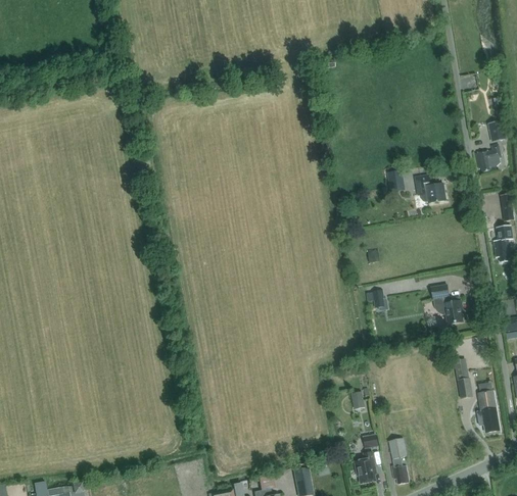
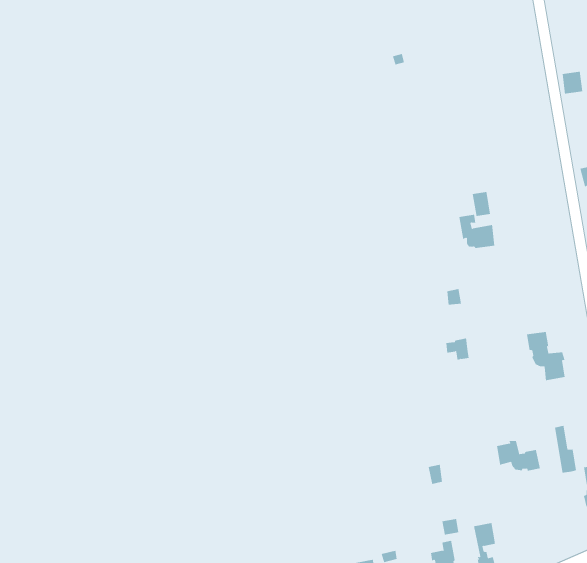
building: [415,175,444,202] -> [459,214,495,248]
building: none -> [497,440,541,472]

